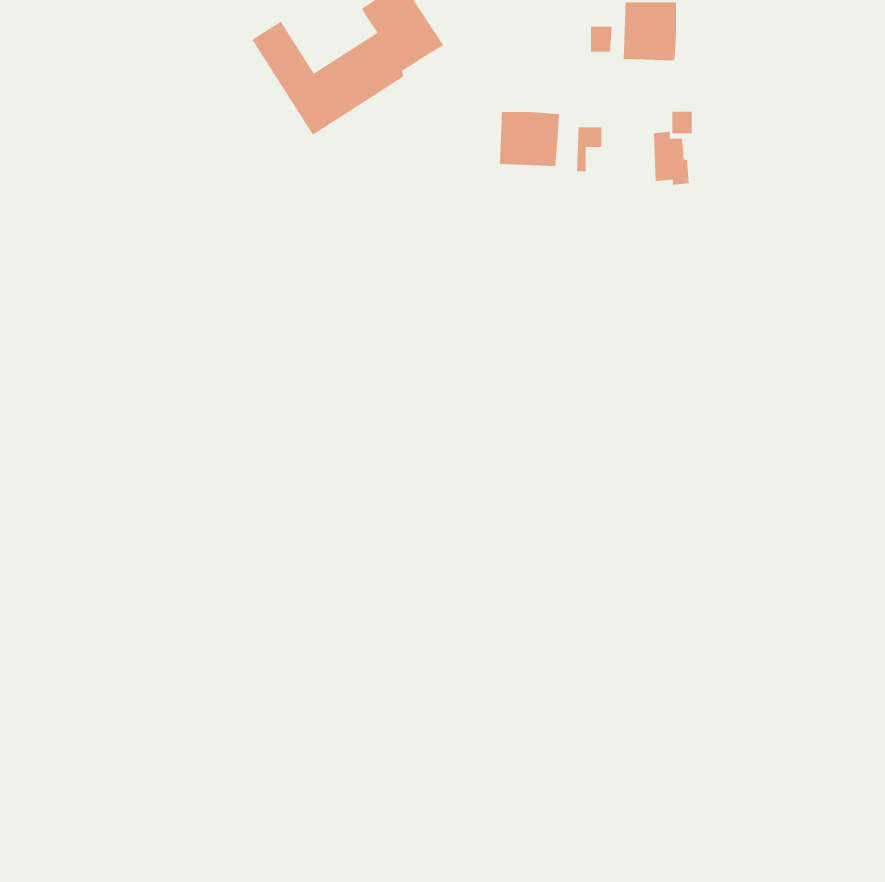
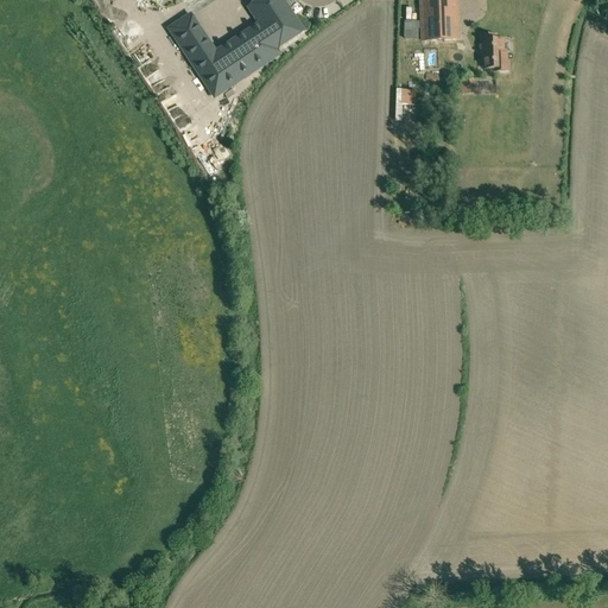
building: [500,111,560,167] -> none
building: [653,131,690,185] -> [481,32,506,69]

